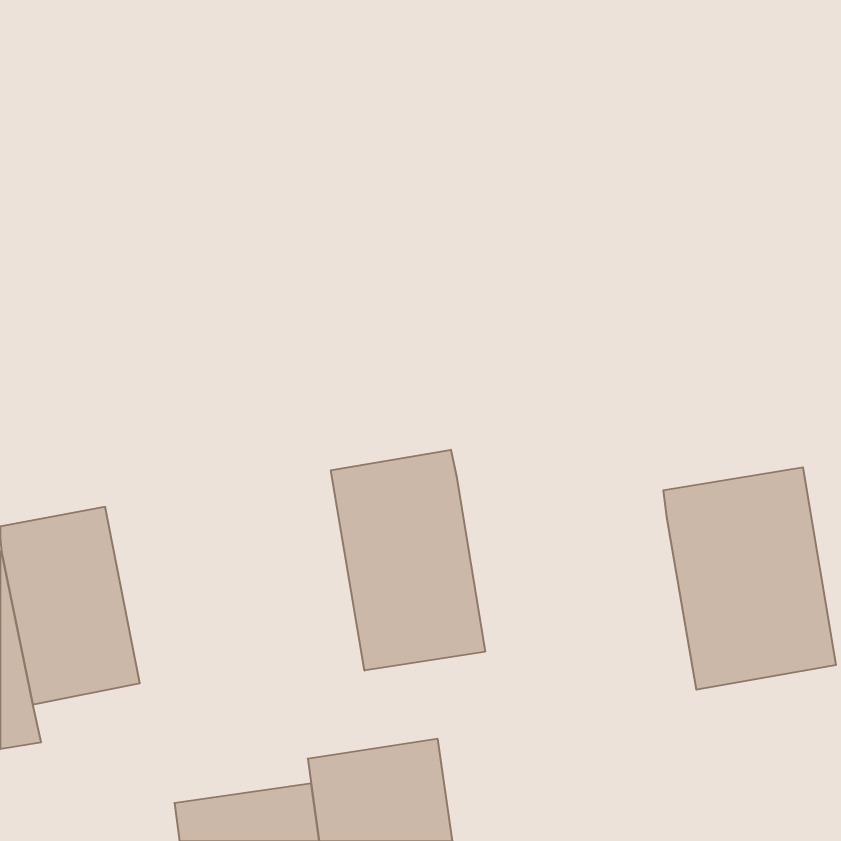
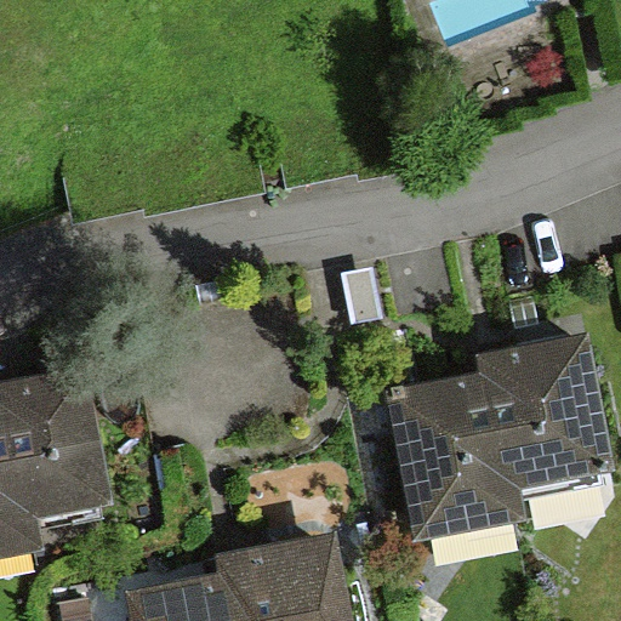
building: [331,450,485,671] -> none
building: none -> [388,381,517,549]

